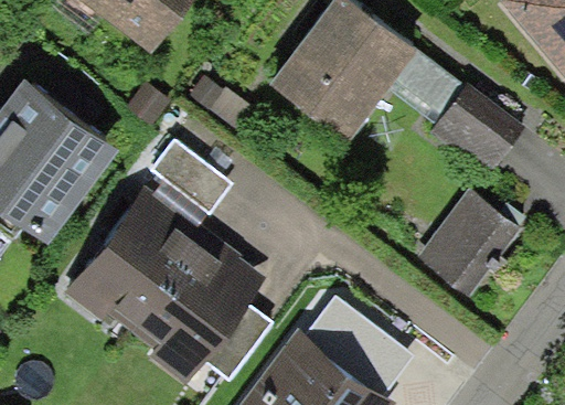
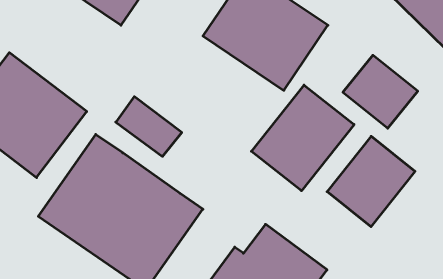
building: none -> [251,85,354,191]

